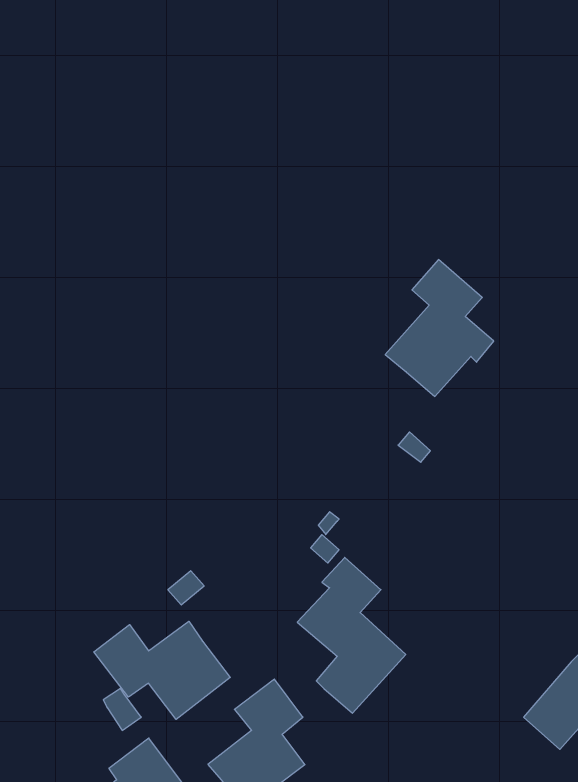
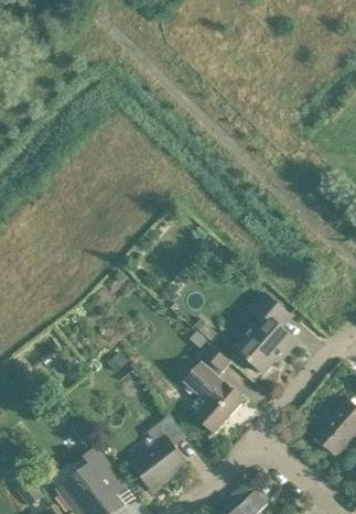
building: [385,260,494,396] -> [234,294,296,373]
building: [94,621,230,719] -> none

